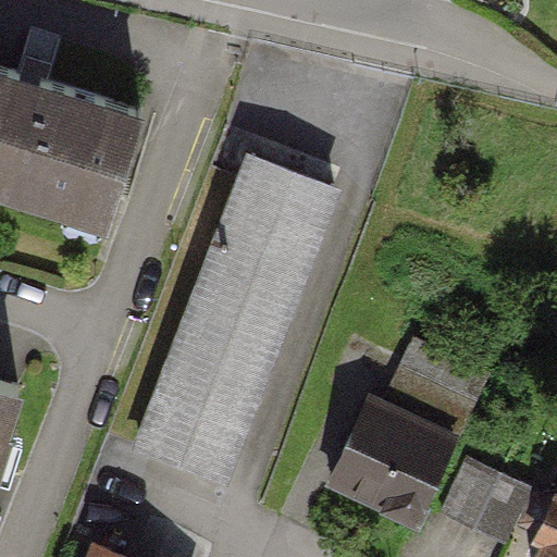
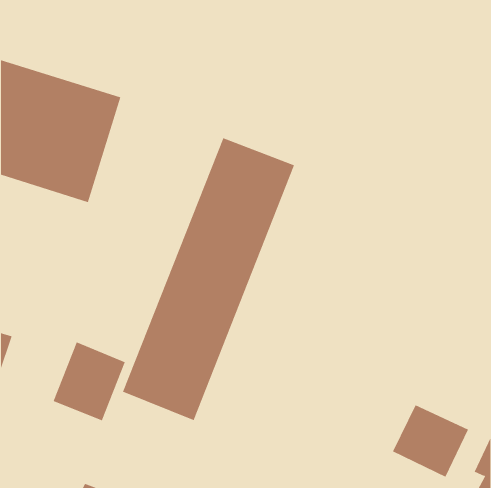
building: [333,344,483,519] -> none
building: none -> [53,341,125,421]

